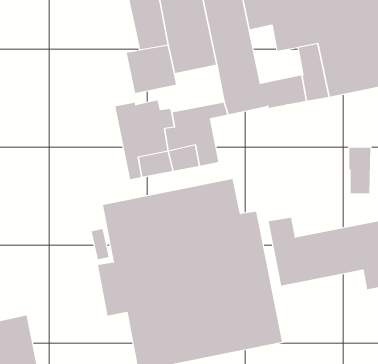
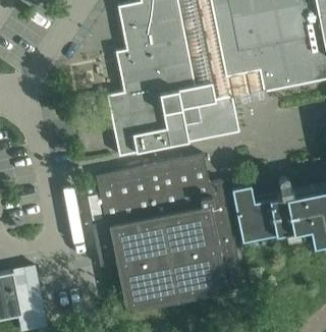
building: none -> [217,29,261,76]
building: none -> [123,61,197,100]
building: none -> [185,95,239,141]
building: [349,147,371,194] -> none

